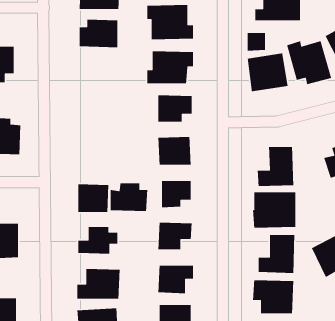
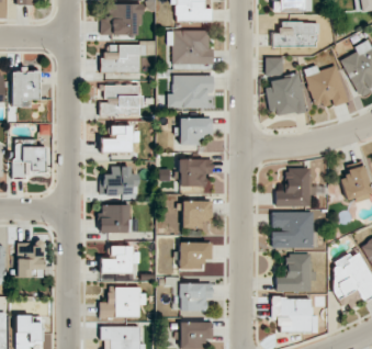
building: none -> [100,85,140,115]
building: none -> [101,125,140,151]
building: [110,183,148,212] -> [102,167,139,195]

